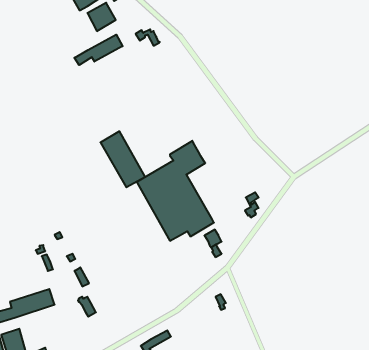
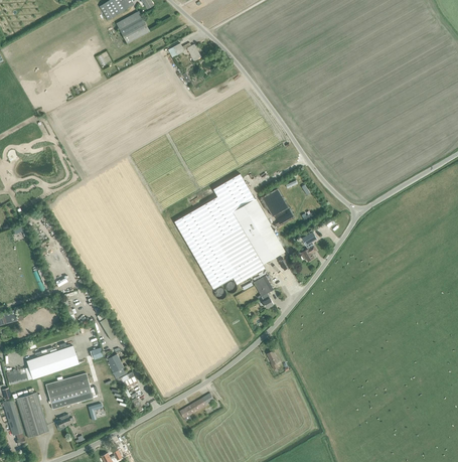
building: [74,35,123,65] -> none
building: [100,131,145,187] -> [233,198,285,264]
building: none -> [45,372,93,410]

